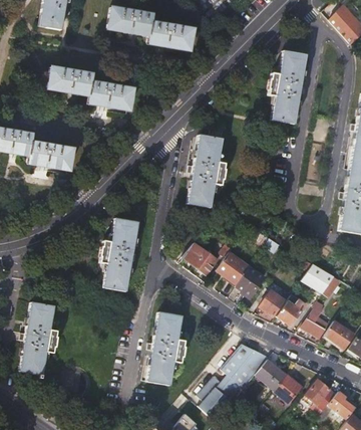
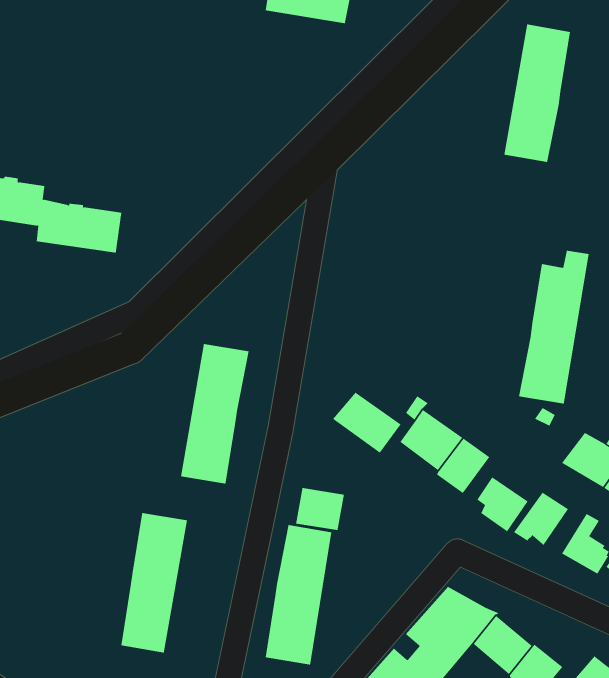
building: [48,67,133,111] -> none
building: [188,127,225,207] -> [518,250,589,404]
building: none -> [295,487,344,531]
building: [20,301,55,375] -> [120,513,188,653]

